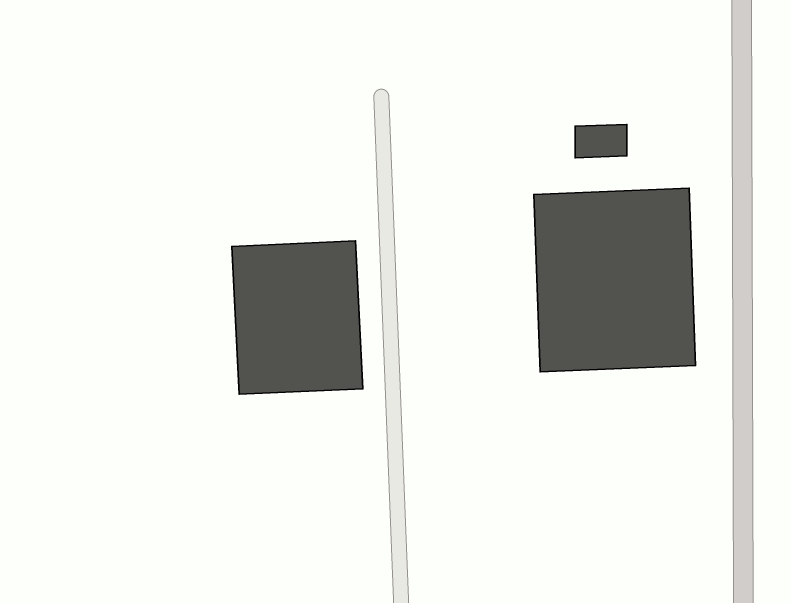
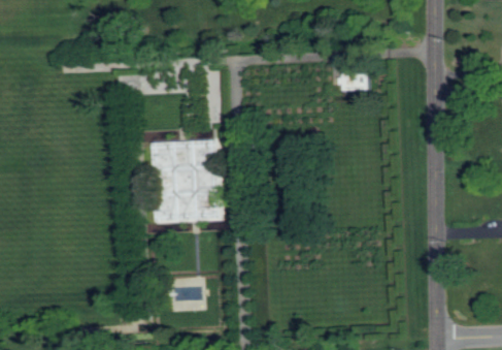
building: [534,188,695,372] -> none

